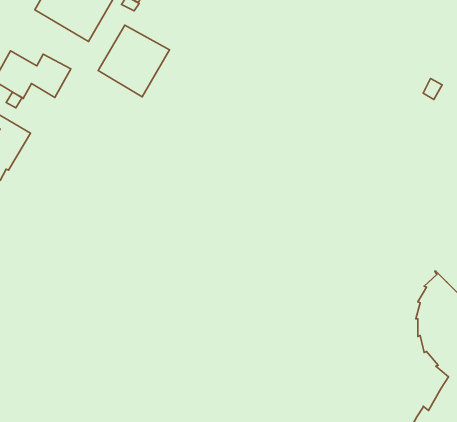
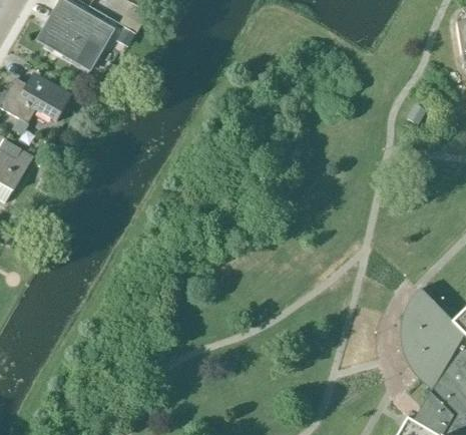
building: [98,25,169,97] -> none

